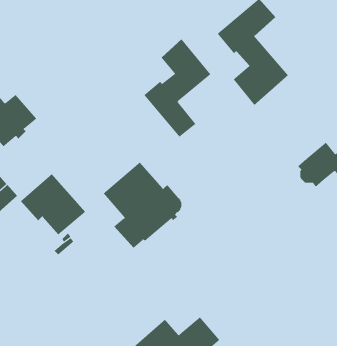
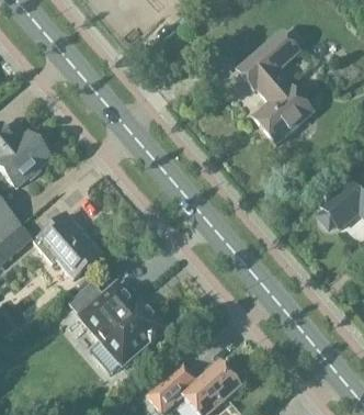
building: [143,38,211,138] -> none
building: [103,162,182,249] -> [78,281,160,371]

